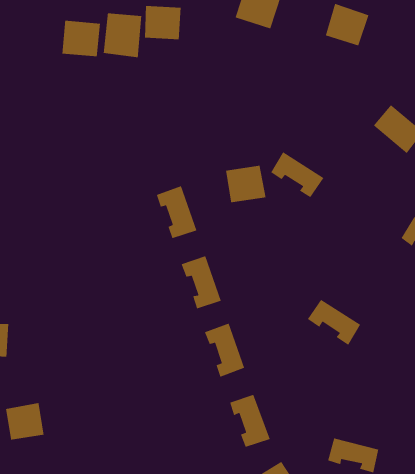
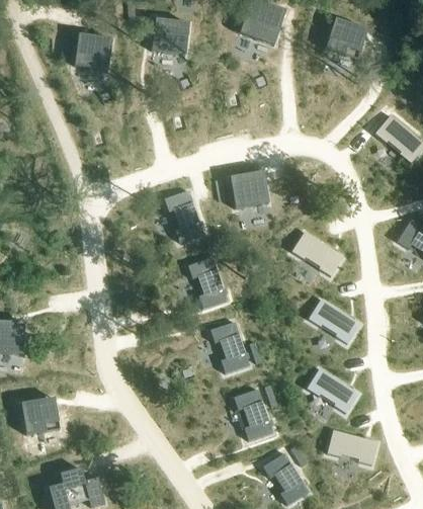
building: [103,12,142,58] -> none
building: [270,151,324,198] -> [292,232,344,276]
building: none -> [308,369,358,413]

